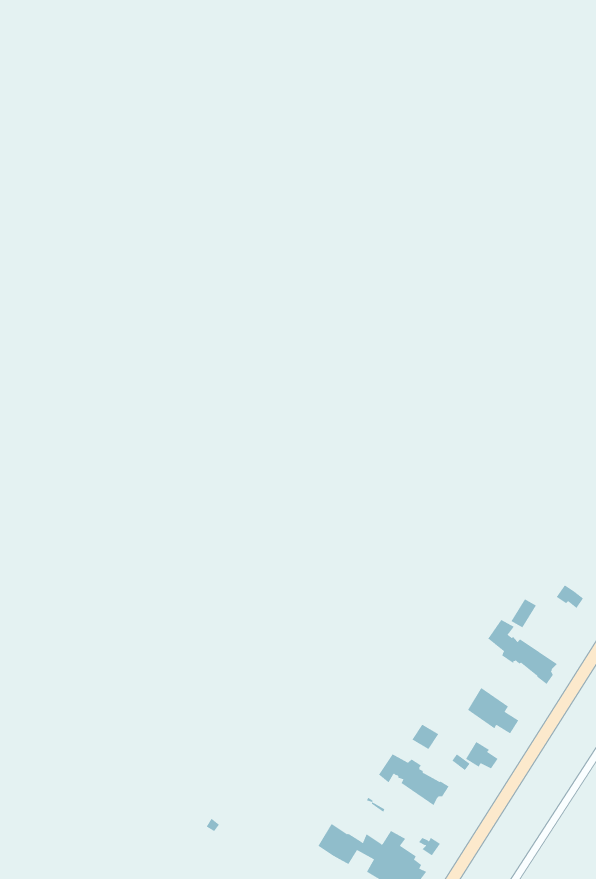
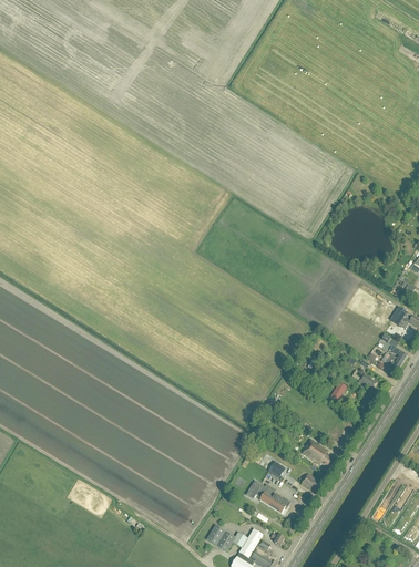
building: [487,619,558,685] -> none

